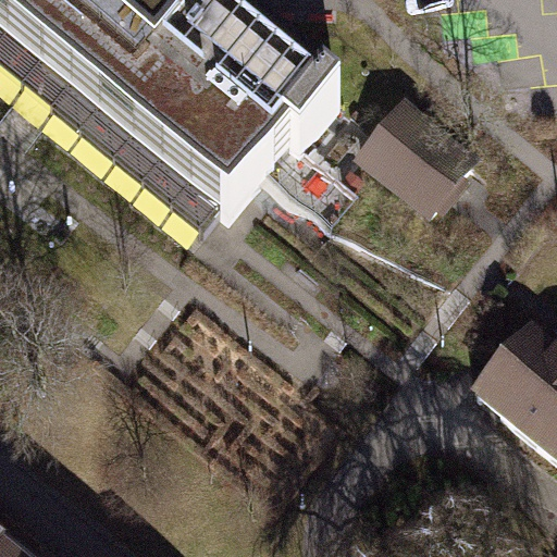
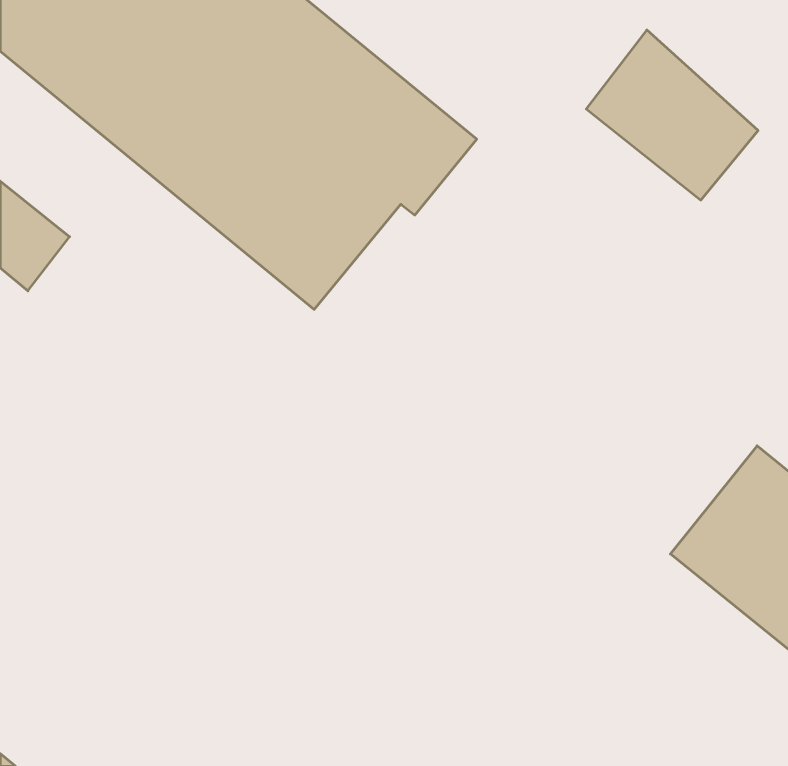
building: [357,108,478,227] -> [586,30,758,200]

